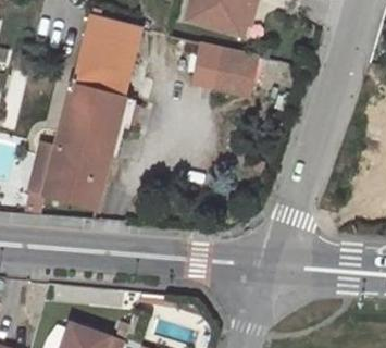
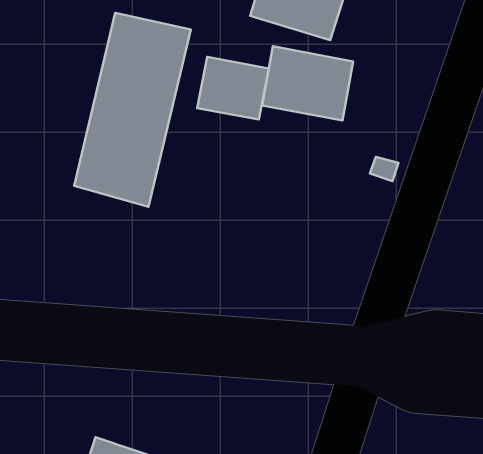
building: none -> [197,57,269,120]
building: [42,142,110,211] -> none

